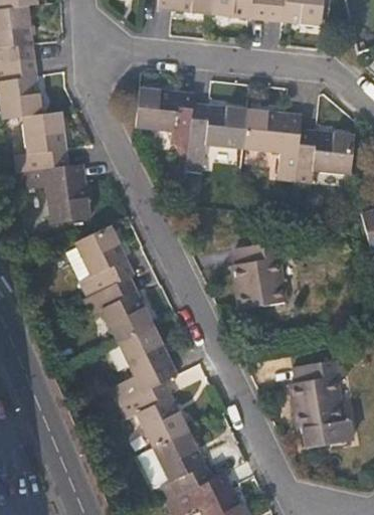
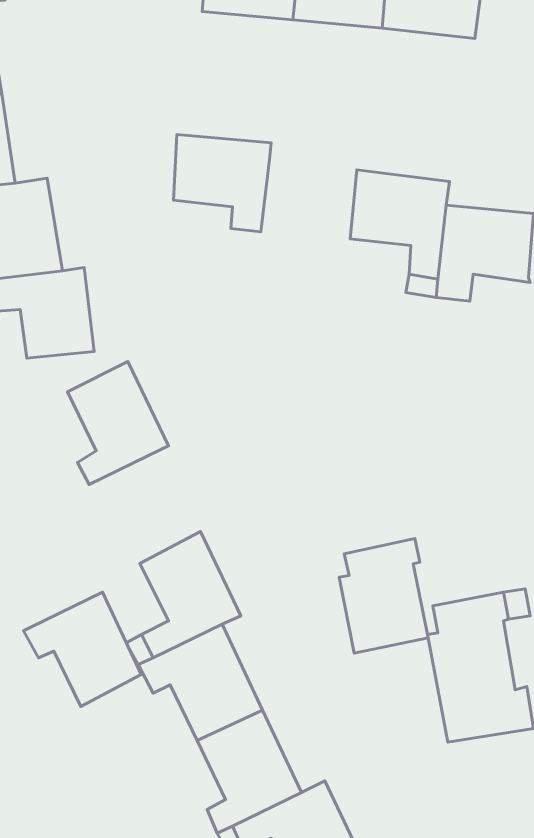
building: [189,102,247,159] -> none
building: [231,242,285,311] -> [339,539,428,653]
building: [83,275,154,343] -> [23,592,141,707]

